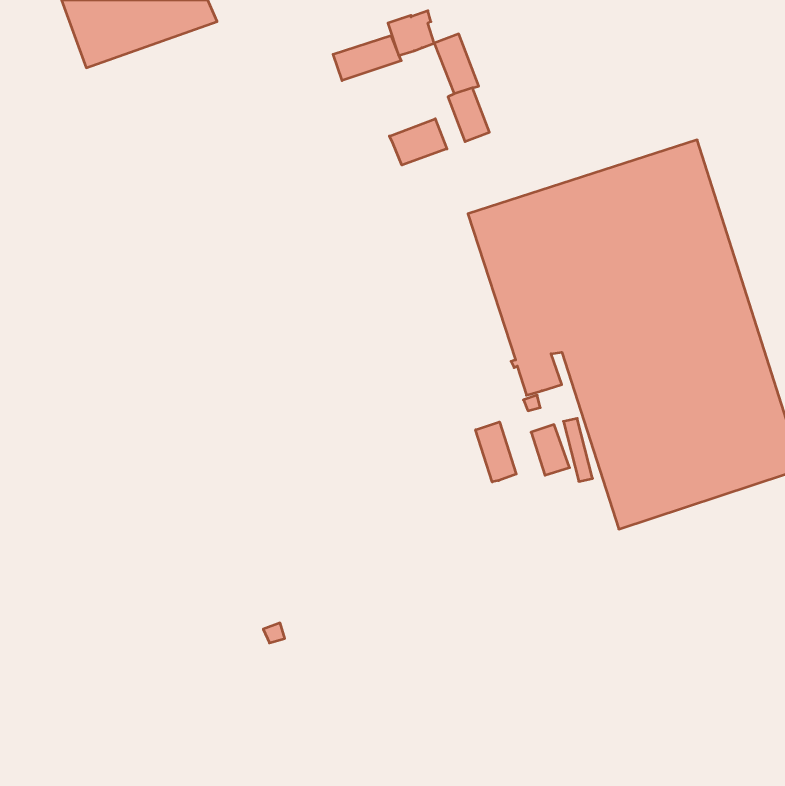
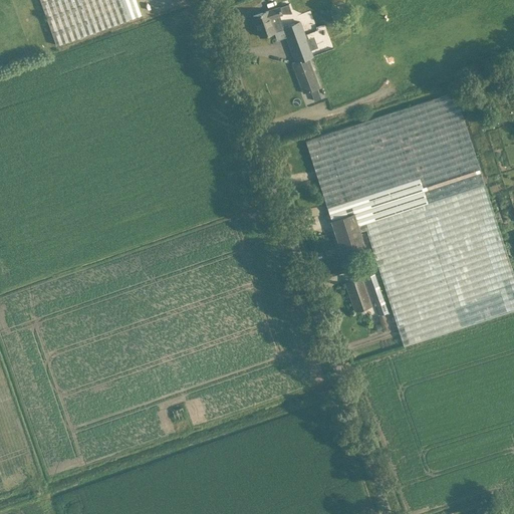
building: [333,36,401,81] -> none
building: [389,119,447,165] -> none
building: [476,422,516,482] -> none

